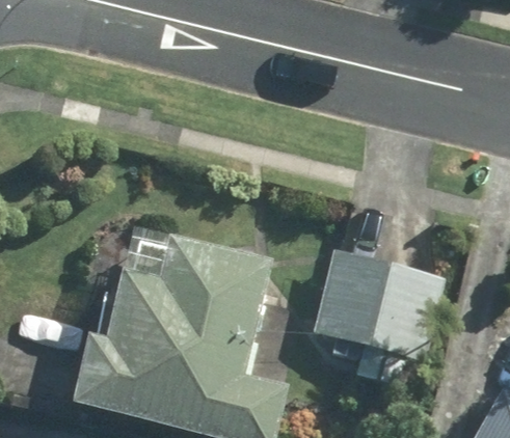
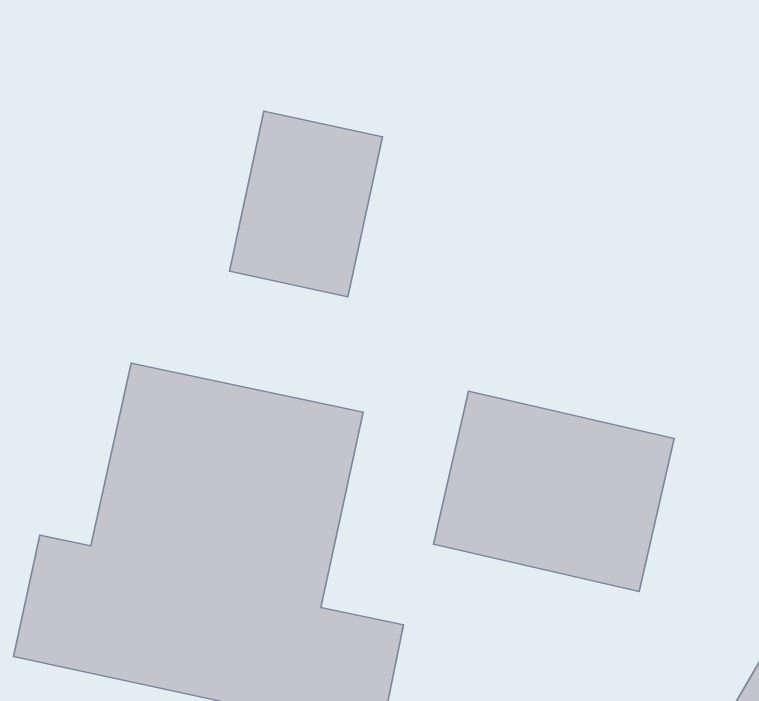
building: none -> [229,111,382,297]

